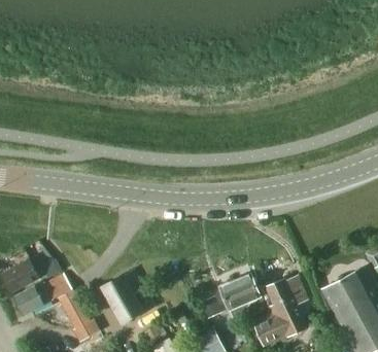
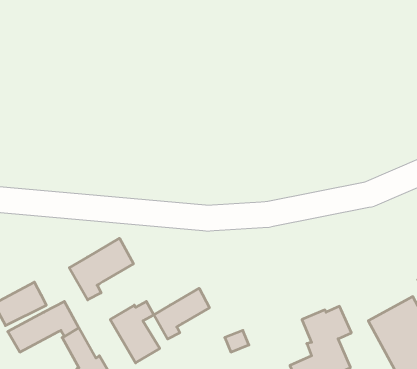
building: none -> [69,238,133,300]
building: none -> [154,288,209,339]
building: [218,273,259,316] -> none

